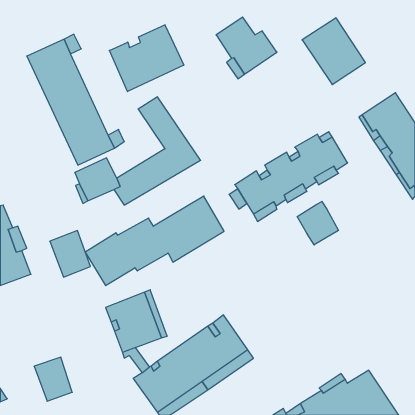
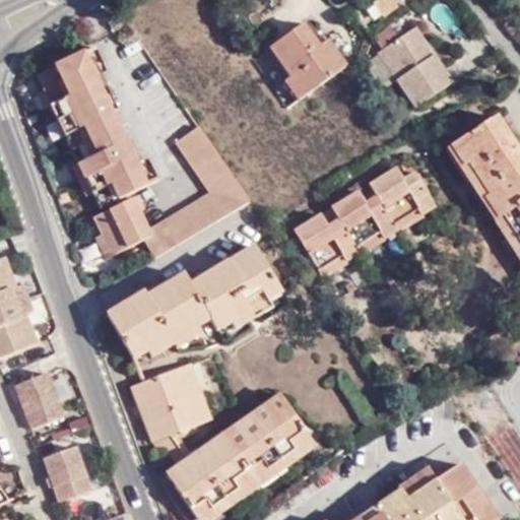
building: [109,25,184,92] -> none
building: [297,201,338,245] -> none
building: [50,231,90,277] -> [14,371,65,429]

